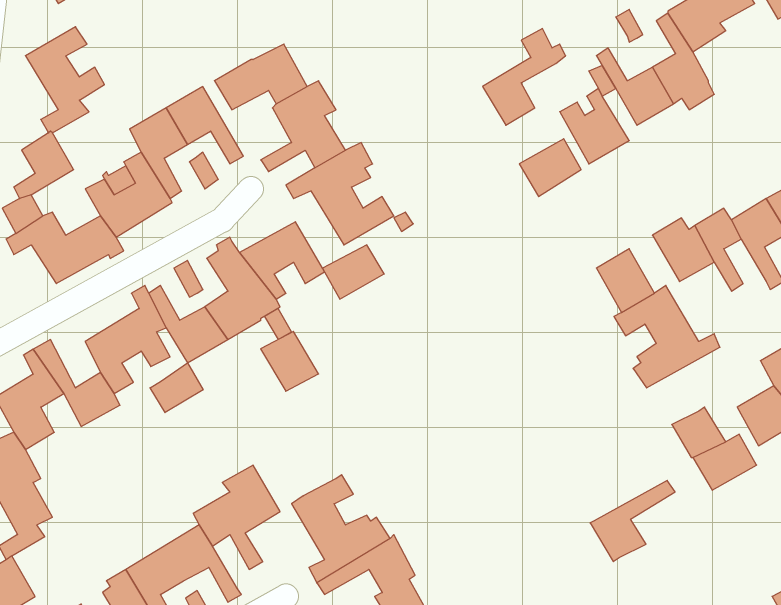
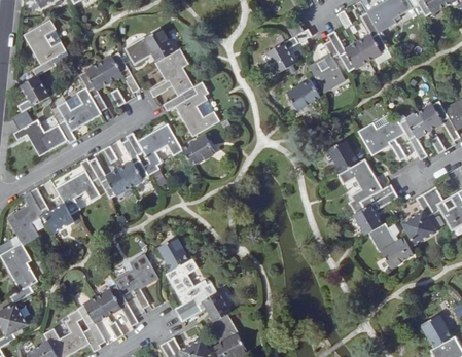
building: [261,331,319,391] -> [158,238,189,270]
building: [150,363,203,413] -> none
building: [590,480,675,562] -> [353,190,398,234]

